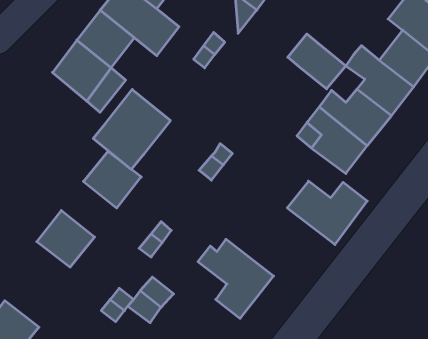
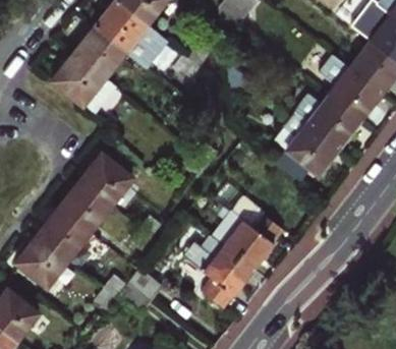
building: [288,34,346,89] -> none
building: [93,89,170,169] -> none
building: [287,181,367,245] -> [210,210,283,268]
building: none -> [59,181,110,232]
building: none -> [16,236,67,286]

